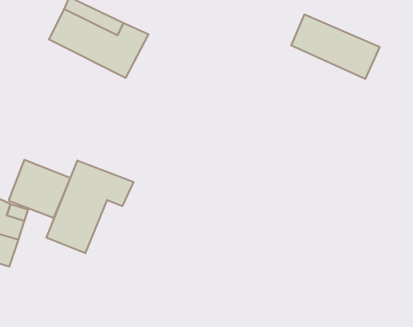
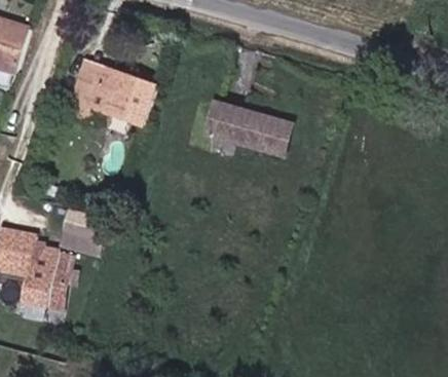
building: [291,15,380,79] -> [206,100,285,150]
building: [46,160,133,253] -> none

